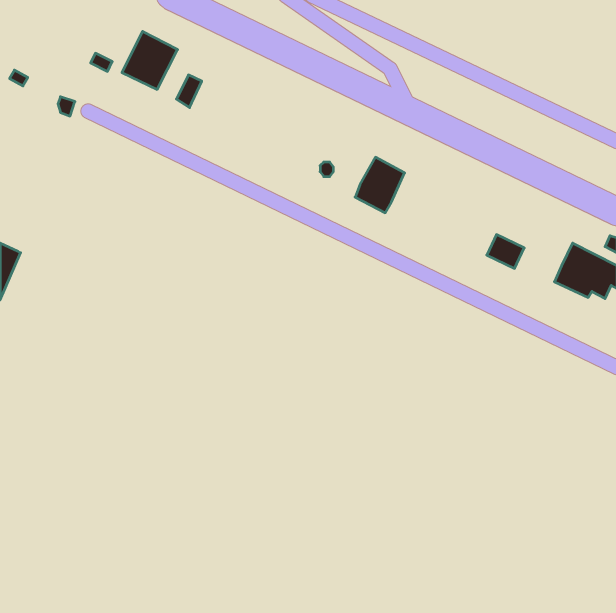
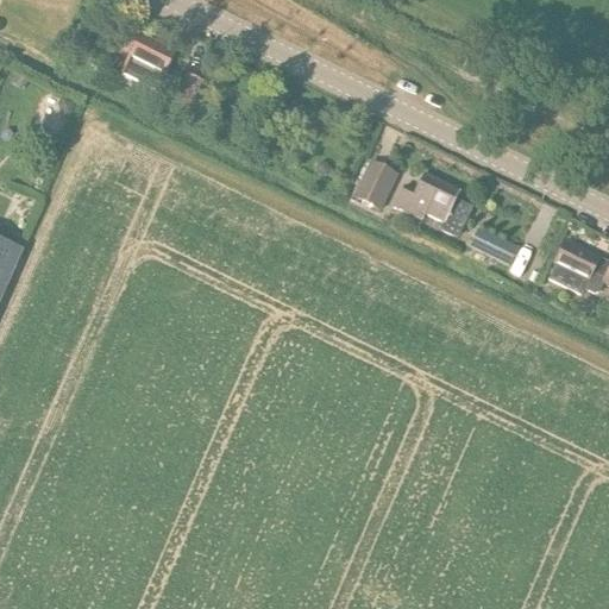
building: none -> [394,172,472,236]

